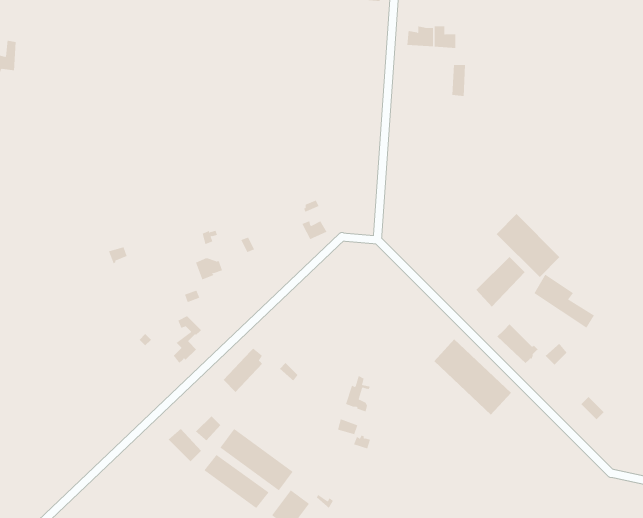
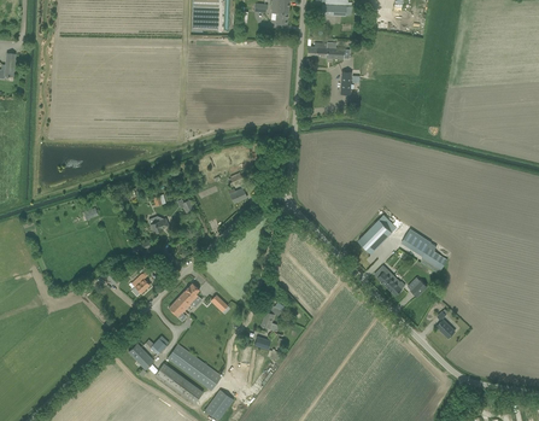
building: [496,213,560,278] -> none
building: [433,339,512,416] -> none

